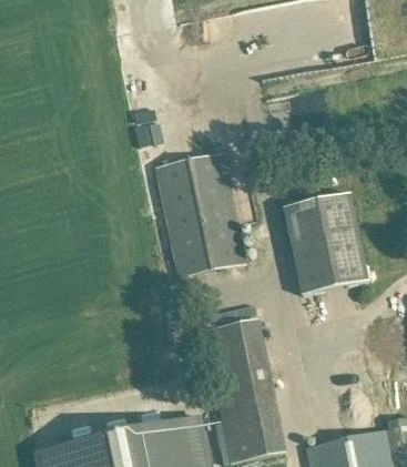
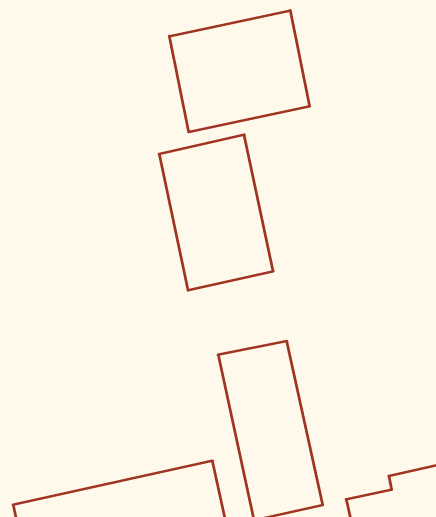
building: none -> [169,10,310,132]
building: [282,193,368,295] -> none

